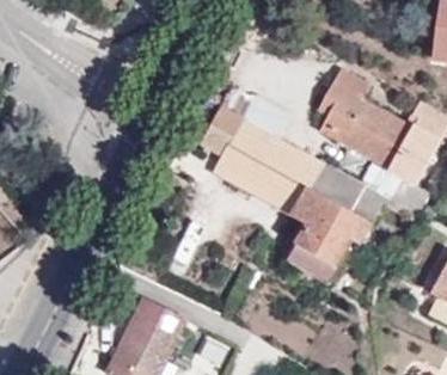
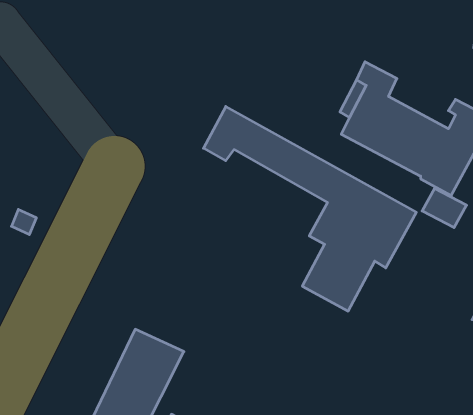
building: [210,143,307,217] -> none

